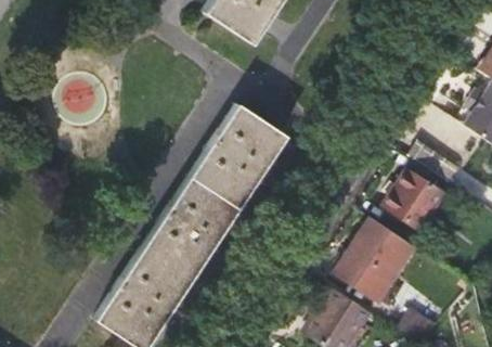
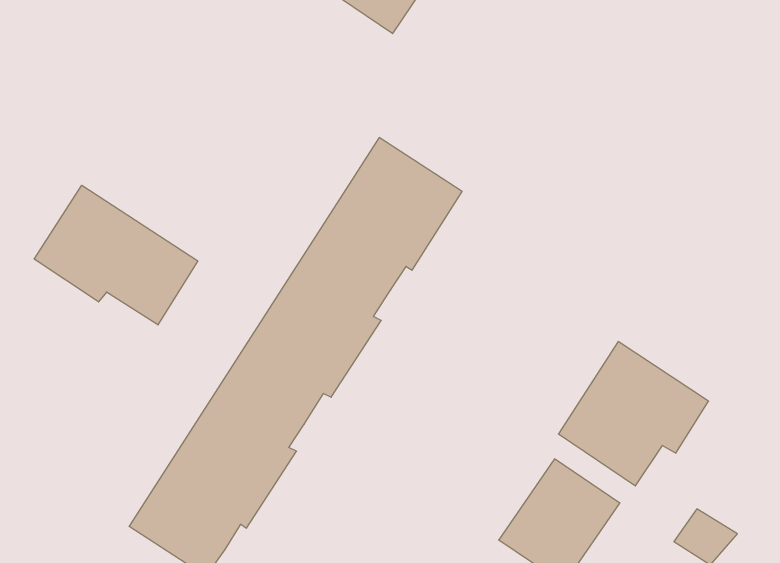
building: none -> [34,185,198,325]
building: [385,157,454,231] -> none

